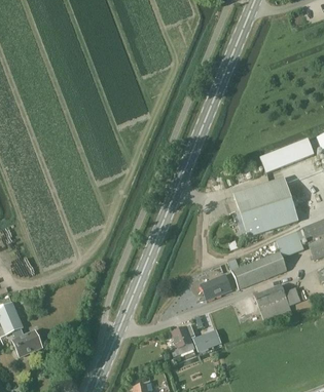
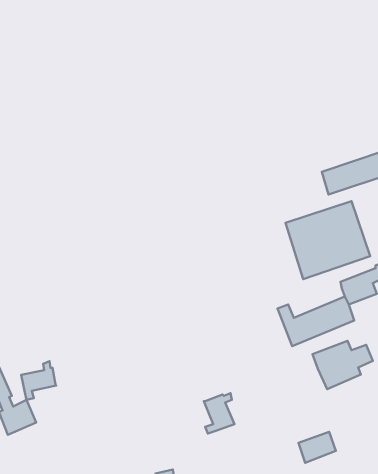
building: [201,274,230,299] -> none
building: none -> [21,361,56,400]
building: [192,328,221,352] -> [298,432,336,463]

